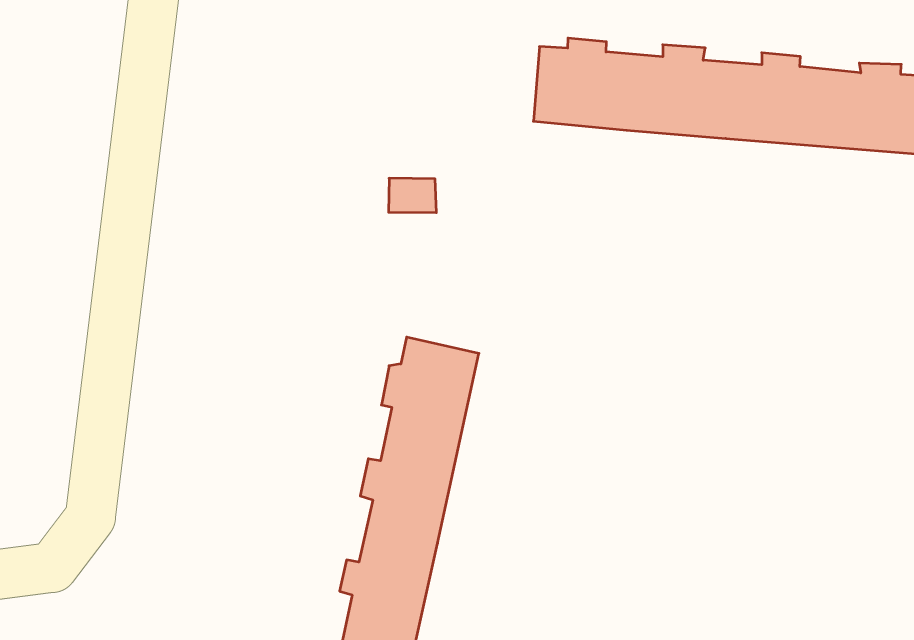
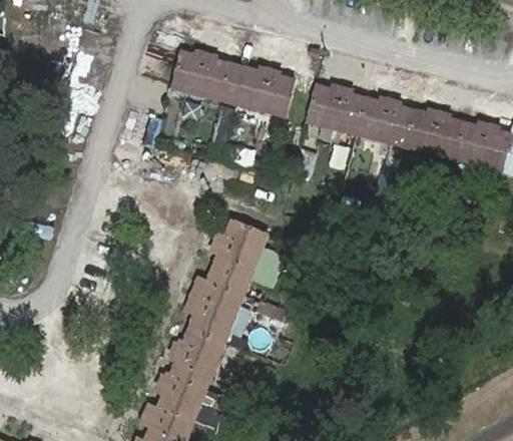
building: none -> [170,50,295,117]

